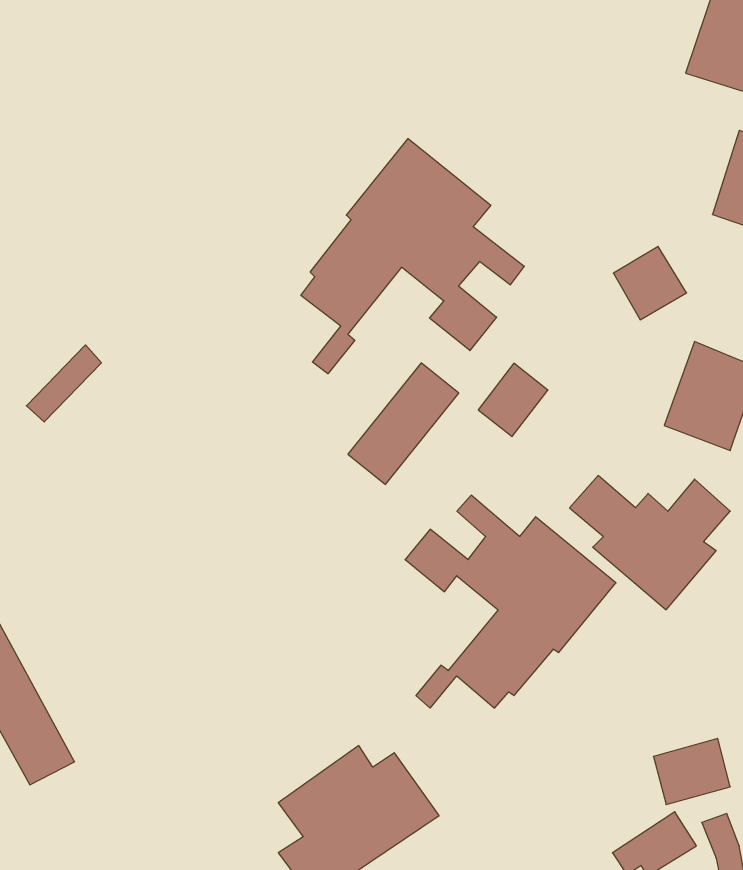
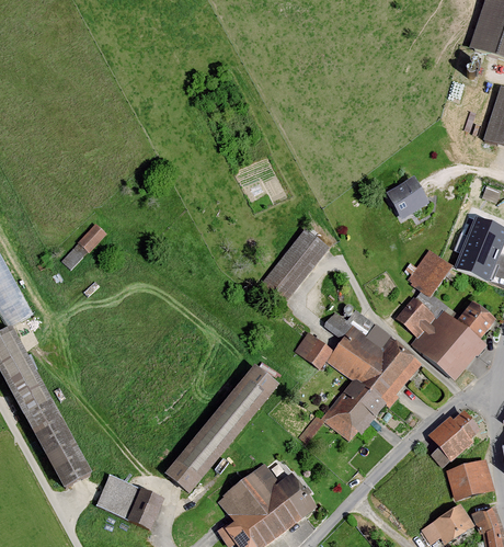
building: [301,139,524,374] -> none
building: [613,246,687,320] -> [386,176,431,221]
building: [478,363,548,437] -> [408,251,450,296]
building: none -> [163,365,278,493]
building: none -> [428,409,481,467]
building: none -> [94,474,163,529]

